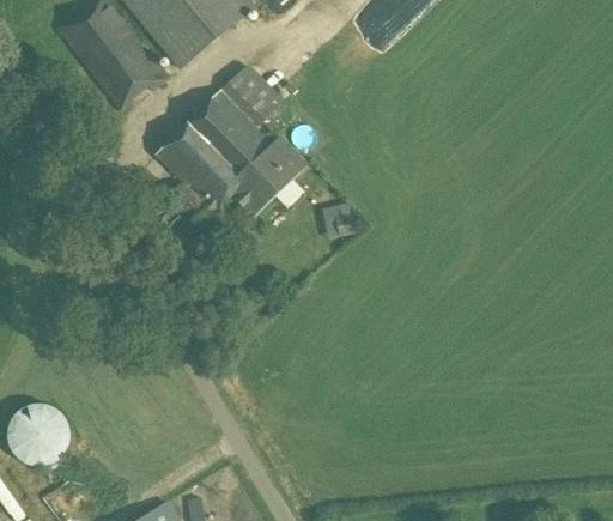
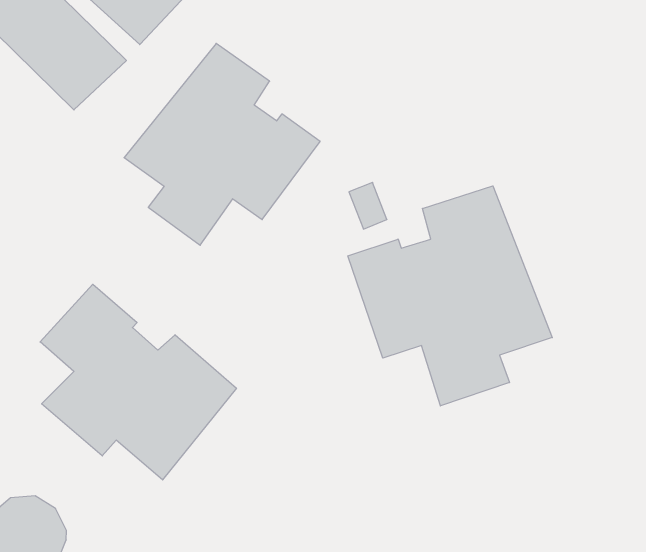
building: none -> [348,186,552,406]
building: none -> [40,284,236,480]

